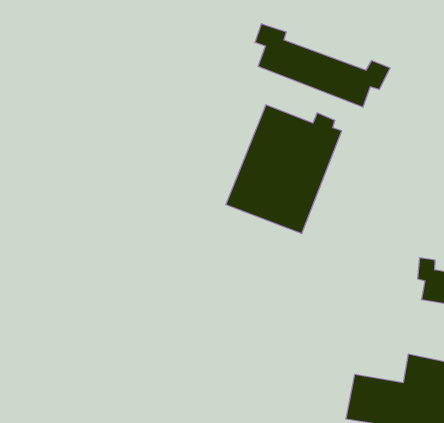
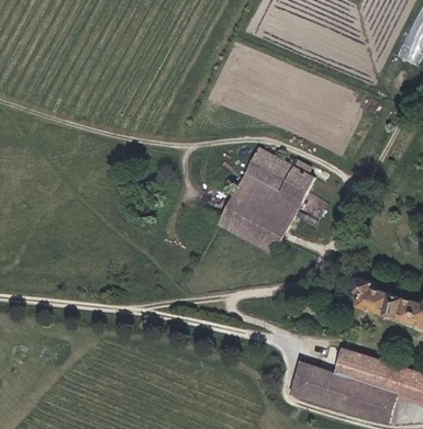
building: [255,24,390,107] -> none

